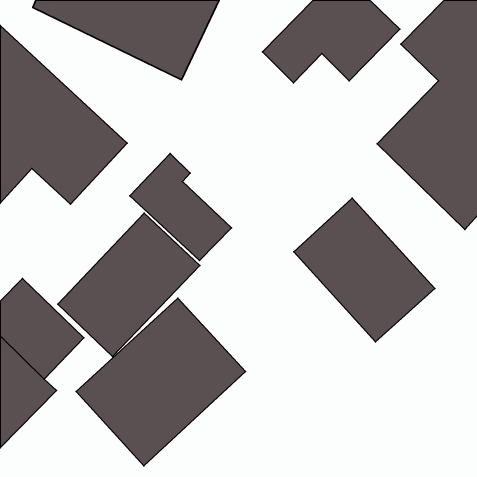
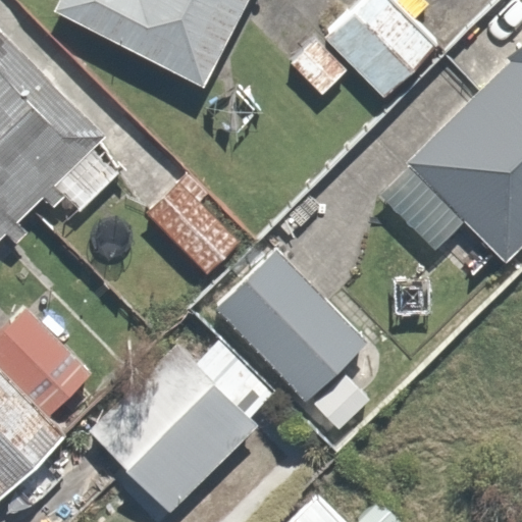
building: [294,198,435,342] -> [209,253,362,409]
building: [58,213,200,356] -> none

